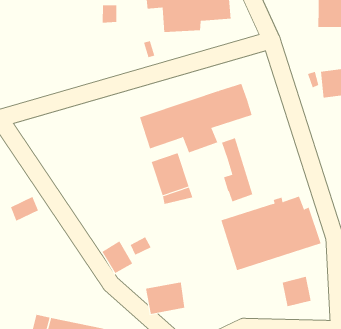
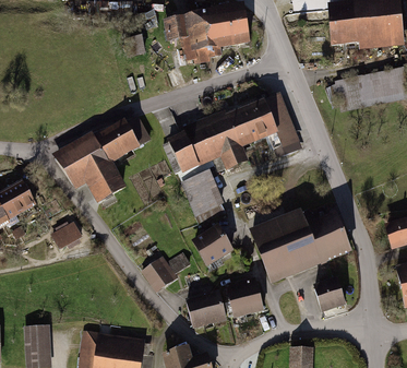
building: none -> [56,117,148,200]
building: [221,138,253,202] -> [263,96,297,157]
building: none -> [194,226,231,268]
building: none -> [227,280,263,316]

